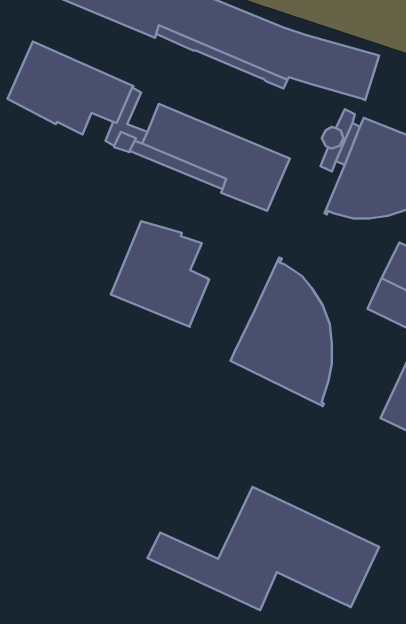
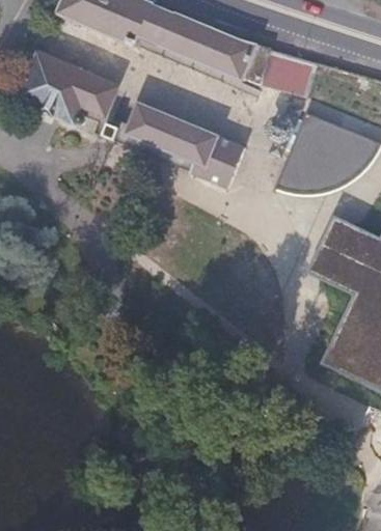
building: [111,221,209,327] -> none
building: [230,258,332,406] -> none
building: [148,487,379,610] -> none

